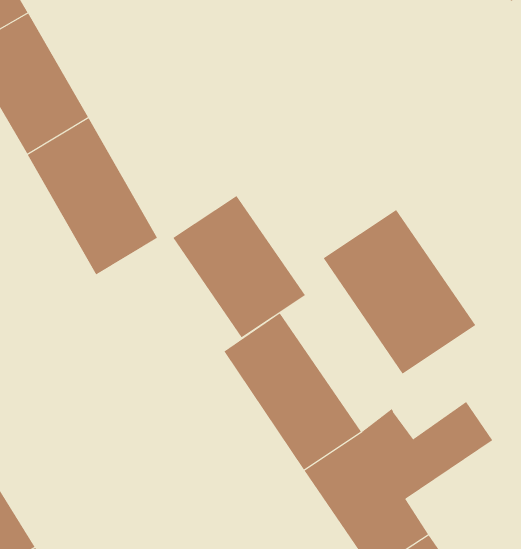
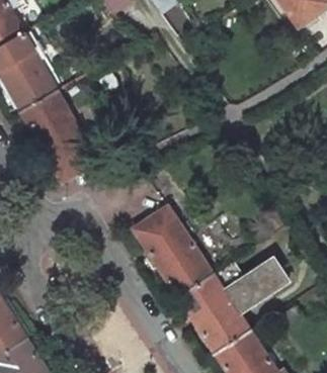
building: [172,195,306,338] -> none
building: [323,209,476,374] -> none

